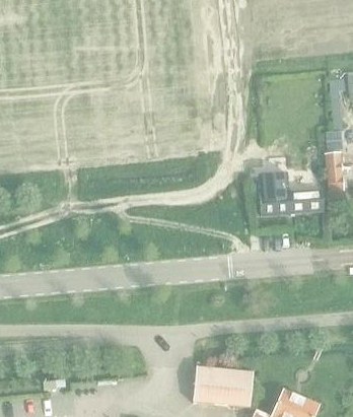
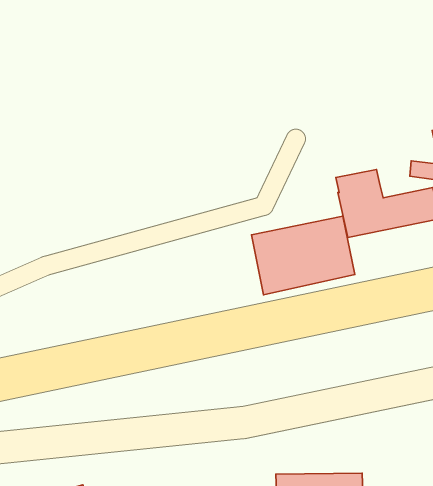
building: none -> [252,216,355,295]

